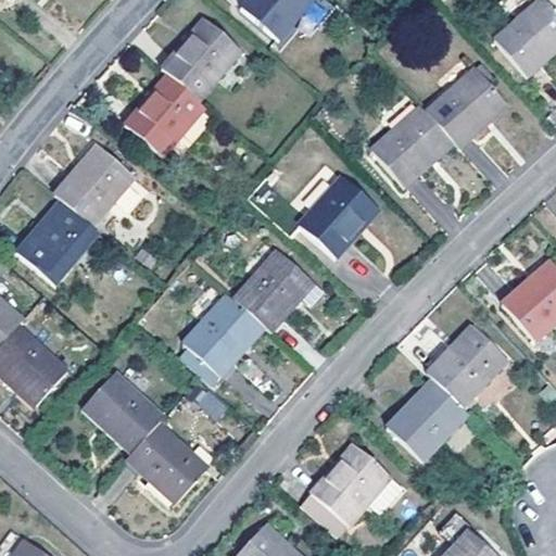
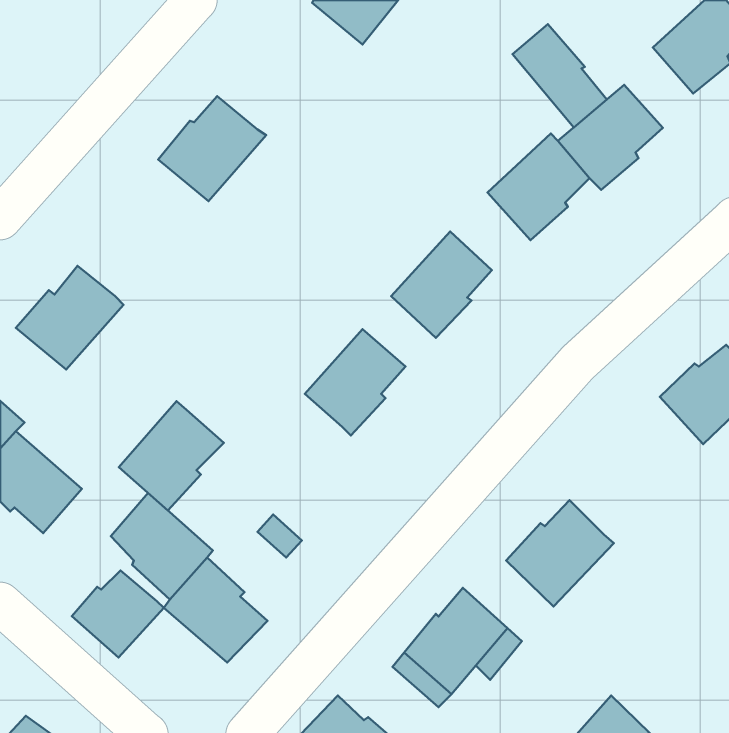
building: [162,18,240,99] -> none
building: none -> [513,24,607,127]
building: [54,146,134,225] -> none
building: [184,292,263,375] -> [119,401,224,510]
building: [426,327,505,405] -> none
building: none -> [72,571,164,657]

